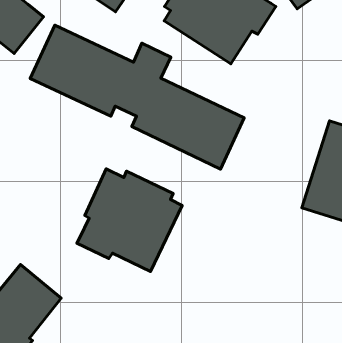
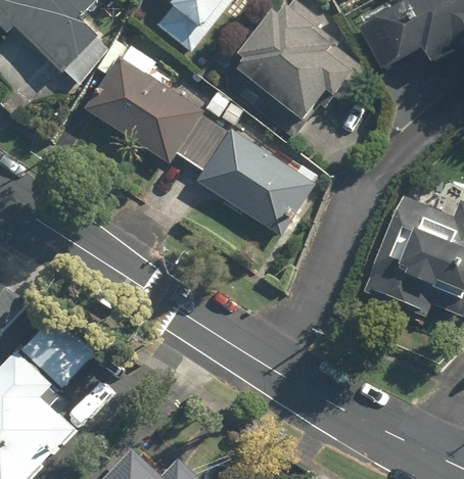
building: [77,169,182,272] -> none

